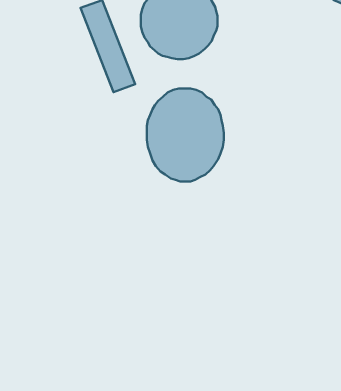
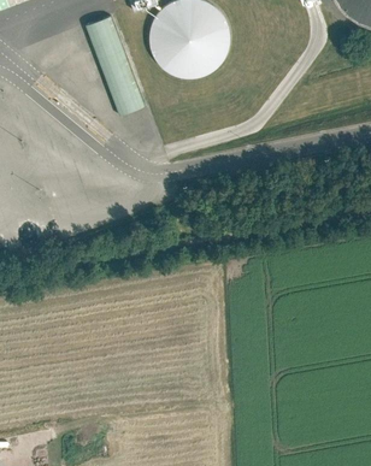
building: [147,88,224,181] -> none

